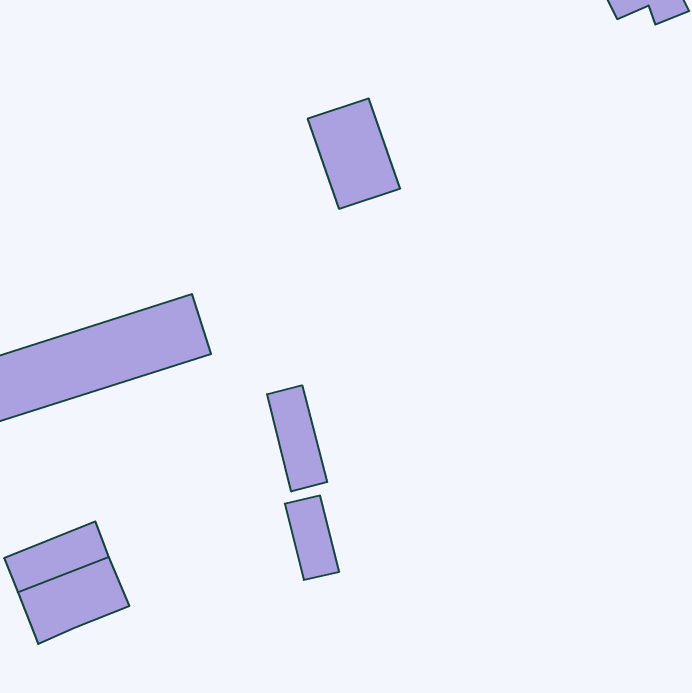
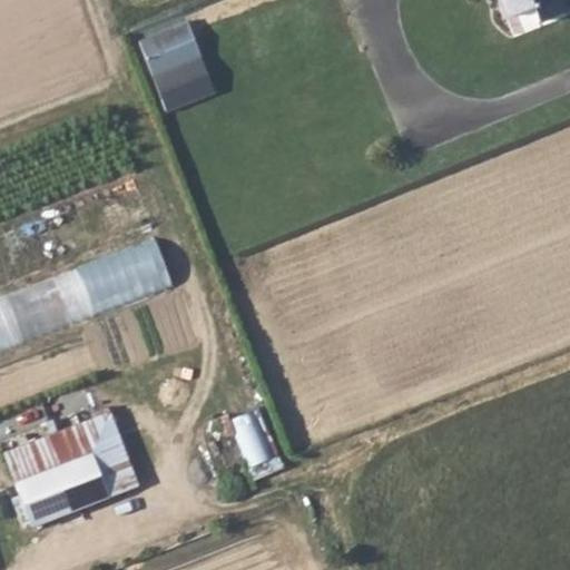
building: [308,99,400,209] -> [138,18,214,108]
building: [267,385,327,492] -> none
building: none -> [78,415,135,495]

